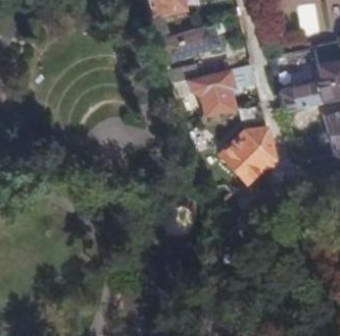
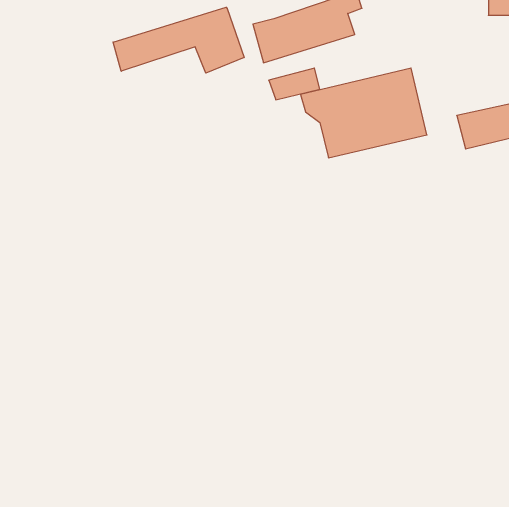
building: none -> [113,7,244,73]
building: [204,128,277,192] -> none

